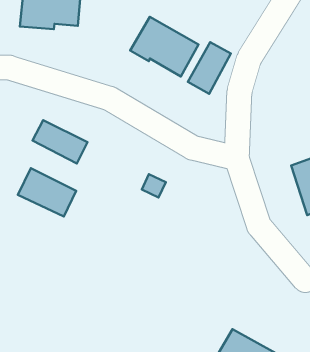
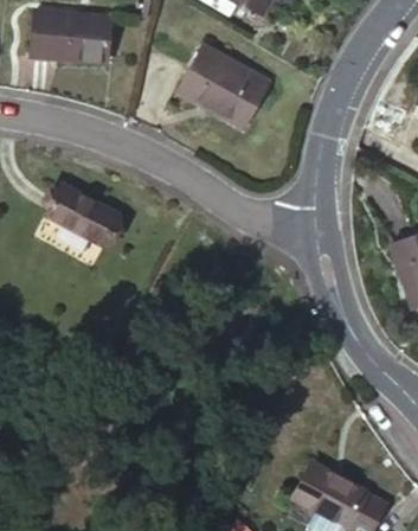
building: [188,42,231,94] -> none
building: [18,168,76,217] -> none

